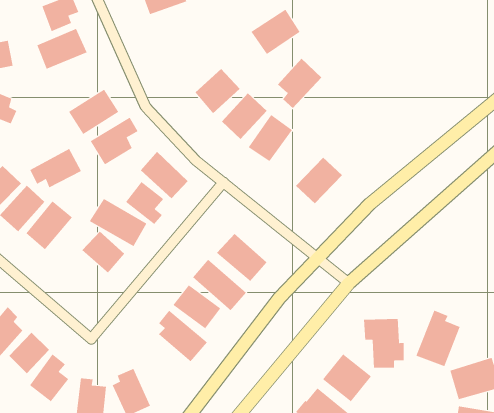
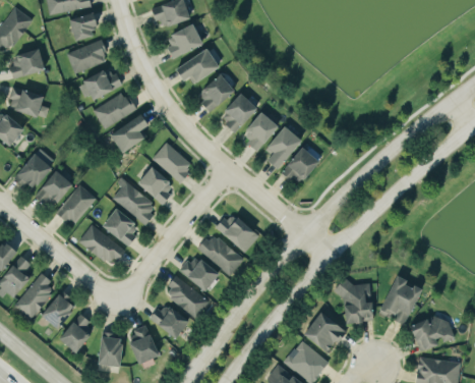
building: [251,9,300,55] -> [179,48,221,87]
building: none -> [165,23,204,58]
building: [277,58,322,109] -> [266,125,304,168]
building: [30,148,82,188] -> [77,66,121,100]
building: none -> [77,225,126,263]
building: none -> [151,302,190,339]

